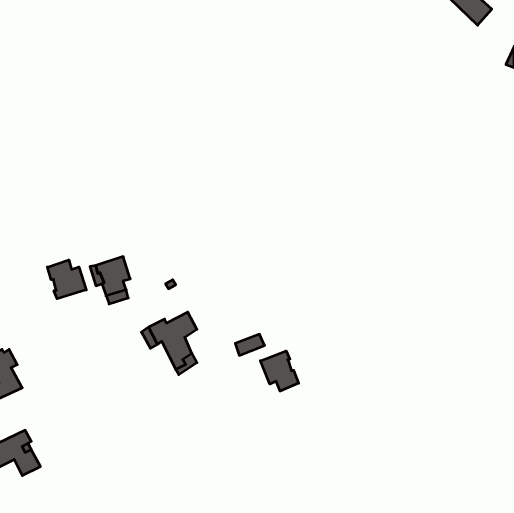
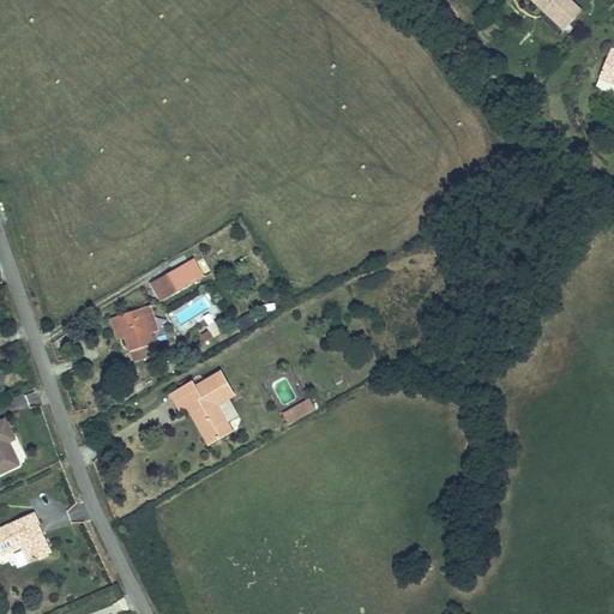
building: none -> [146,259,199,301]
building: [47,260,86,299] -> none
building: [260,351,299,391] -> none

